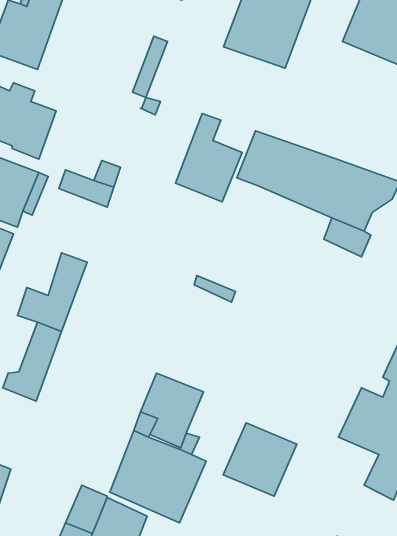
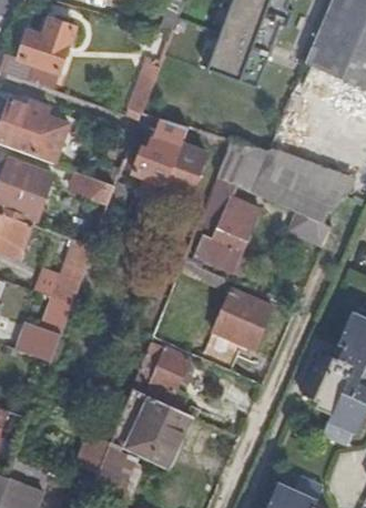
building: none -> [132,118,189,186]
building: none -> [194,180,261,273]
building: [223,423,297,496] -> [212,289,273,350]

